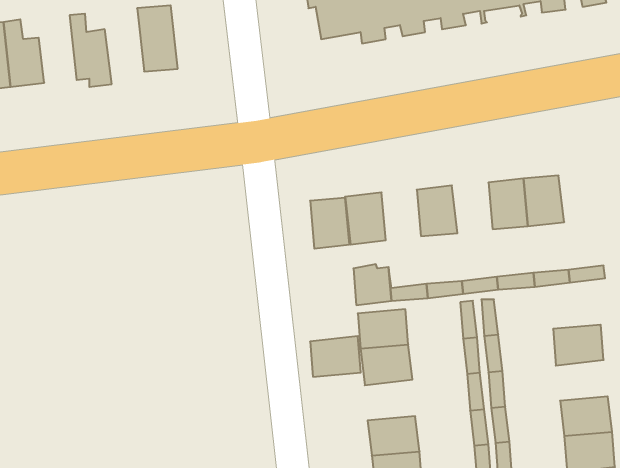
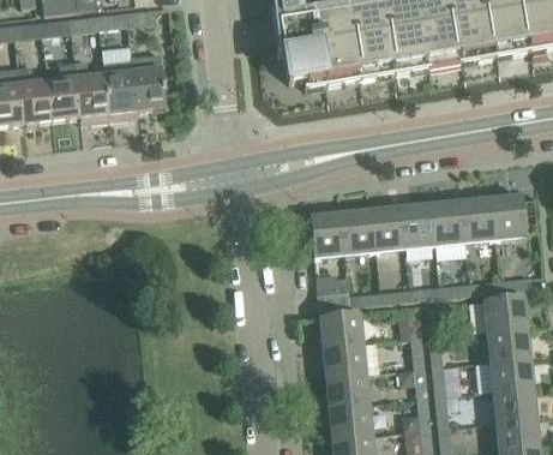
building: none -> [103,55,138,120]
building: none -> [48,61,80,119]
building: none -> [492,194,527,238]
building: none -> [401,204,435,247]
building: [310,198,349,249] -> [341,210,374,253]
building: none -> [483,295,528,329]
building: [310,336,361,377] -> [326,372,369,407]
building: none -> [489,355,534,390]

